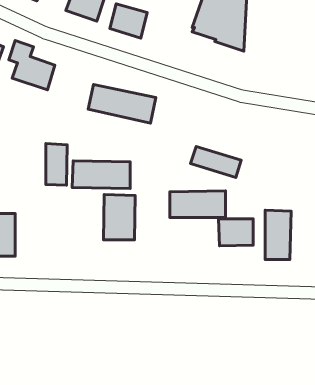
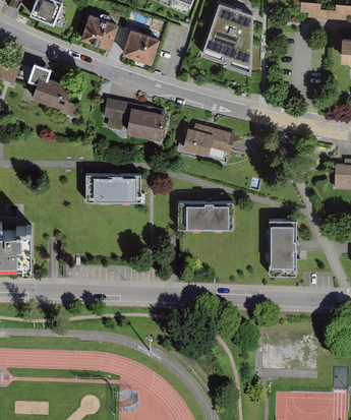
building: [46,143,67,185] -> none
building: [191,146,241,177] -> [186,126,234,156]
building: [103,195,135,240] -> none
building: [219,219,253,246] -> none

